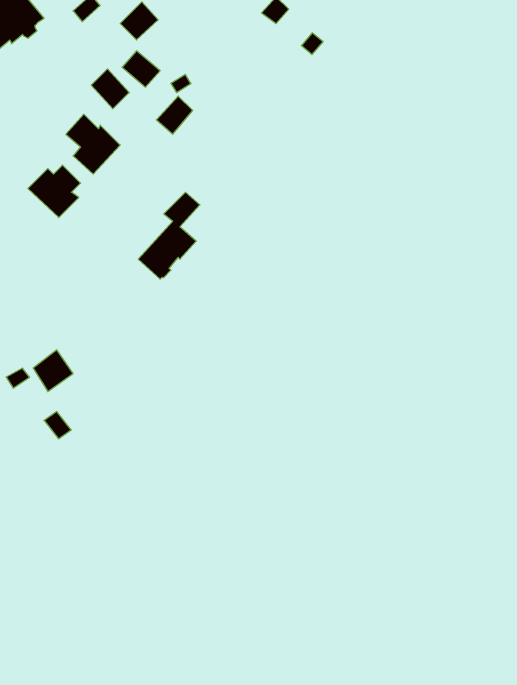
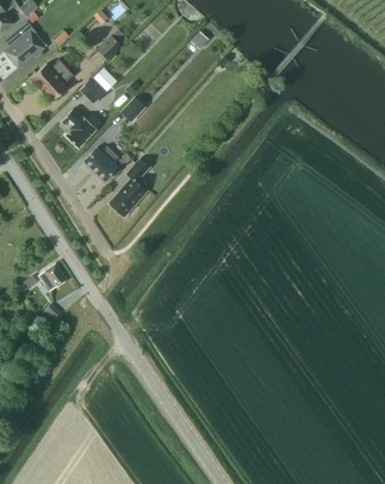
building: none -> [30,58,73,100]
building: [28,165,81,218] -> [83,144,118,179]

